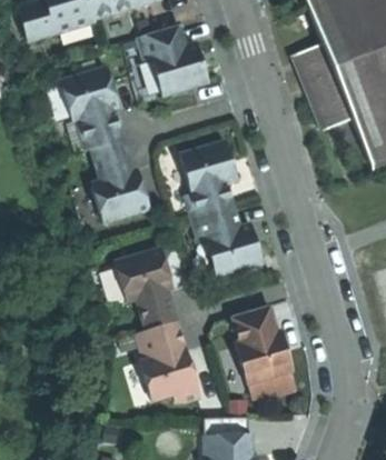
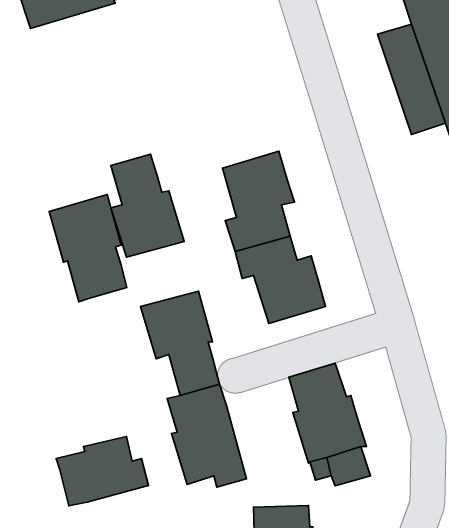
building: [135,26,207,97] -> none
building: [60,68,121,152] -> [49,194,127,302]
building: none -> [56,436,149,506]

